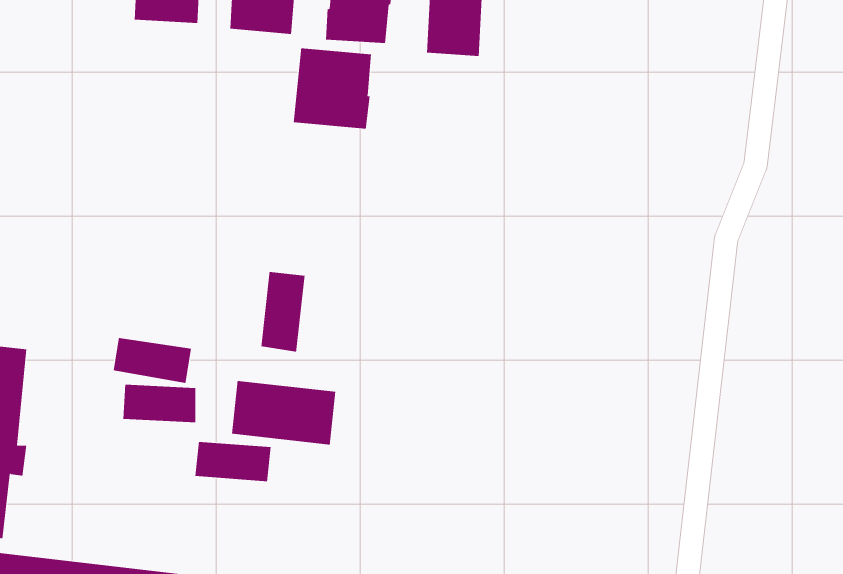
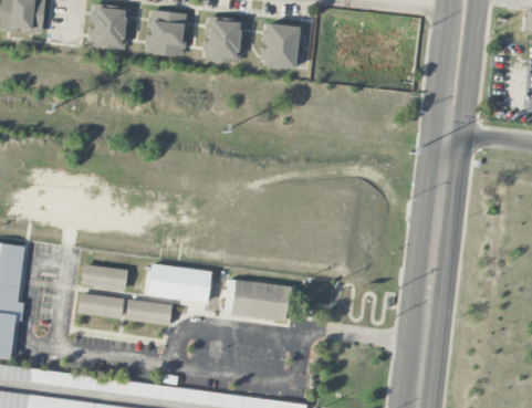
building: [293,48,372,129] -> none
building: [261,271,305,353] -> none
building: [113,337,192,383] -> [76,292,124,320]
building: none -> [230,279,290,322]

